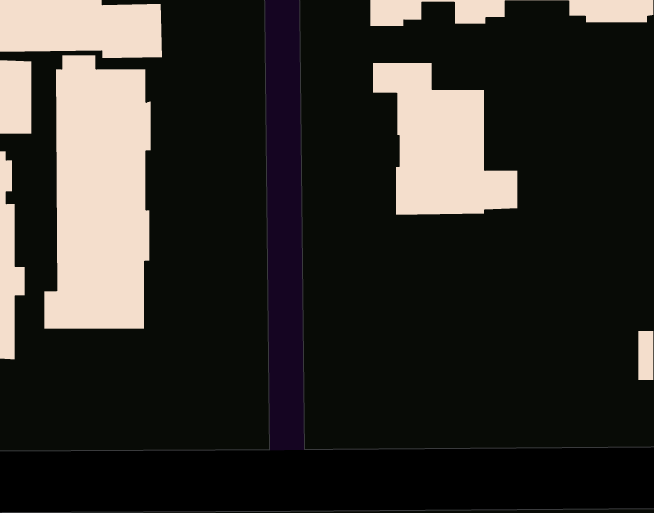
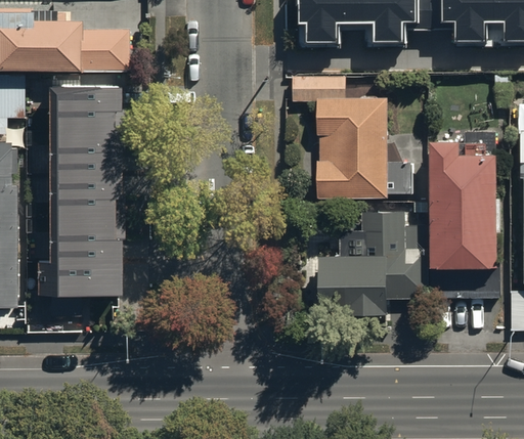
building: none -> [413,132,500,299]
building: none -> [307,213,425,318]

